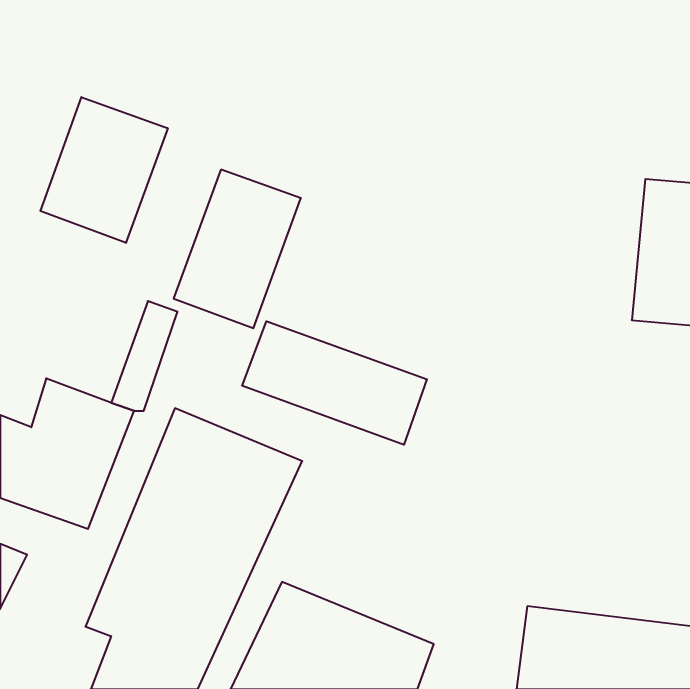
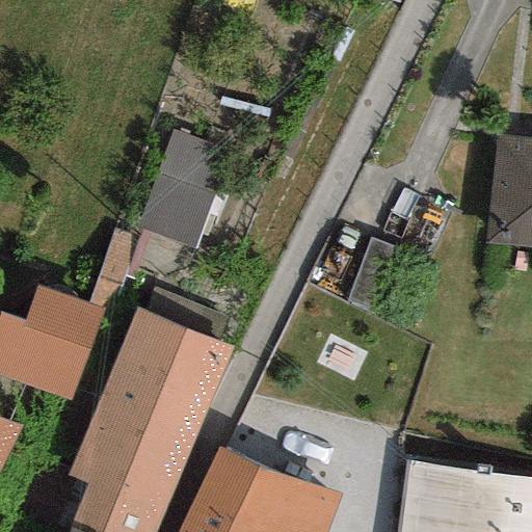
building: [40,97,168,243] -> none
building: [242,321,427,445] -> none

